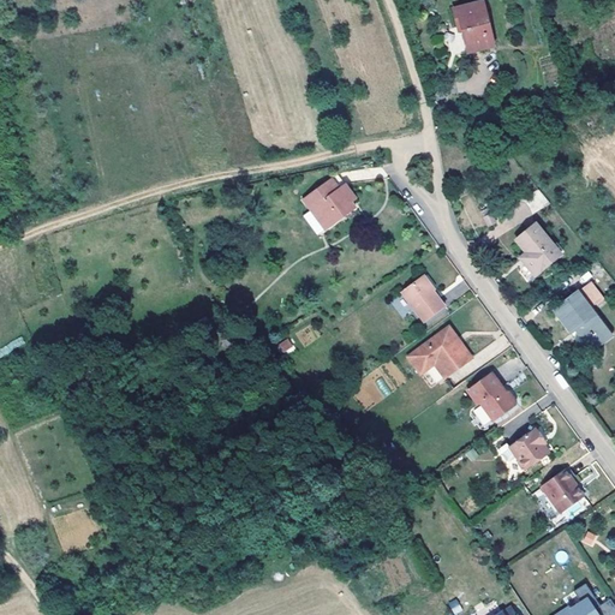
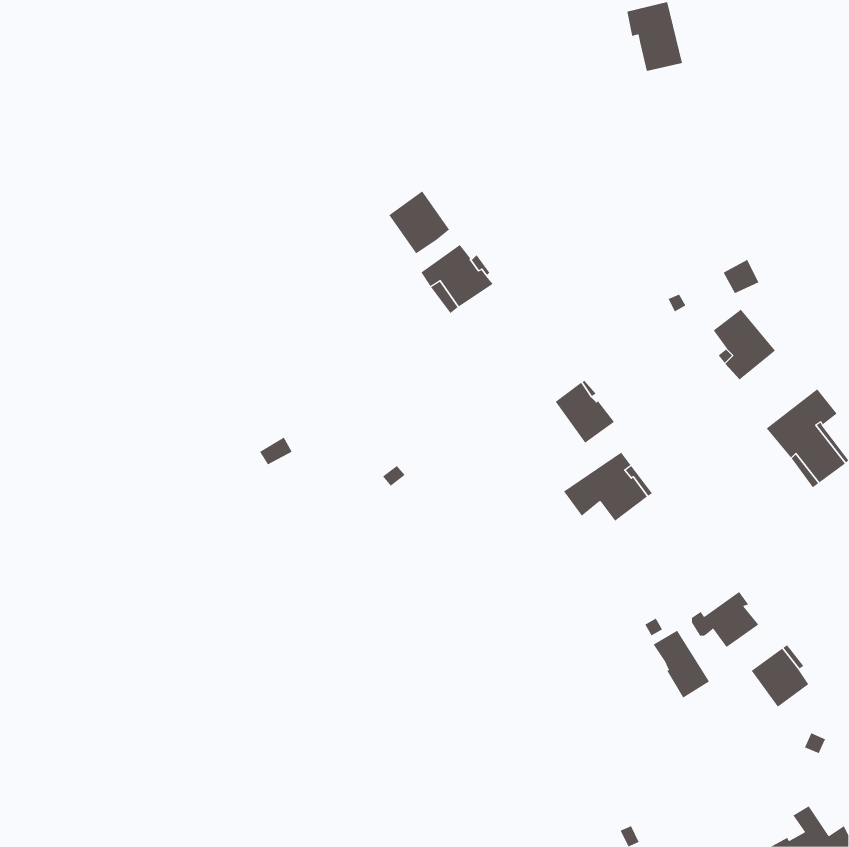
building: none -> [388,190,450,254]
building: [467,371,515,419] -> none
building: none -> [653,630,710,698]

